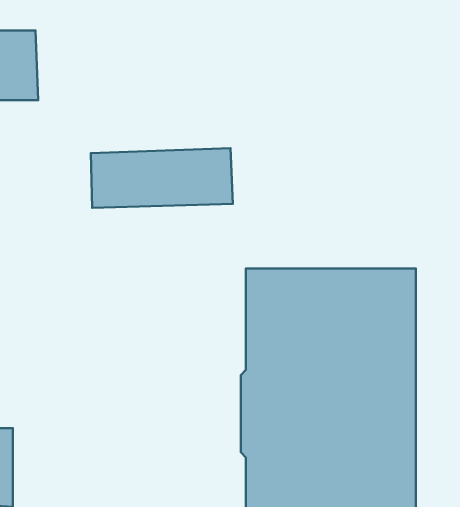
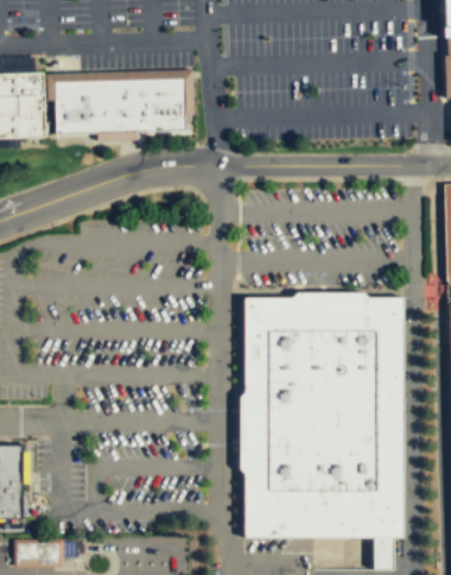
building: [91,148,233,208] -> [57,77,190,133]

